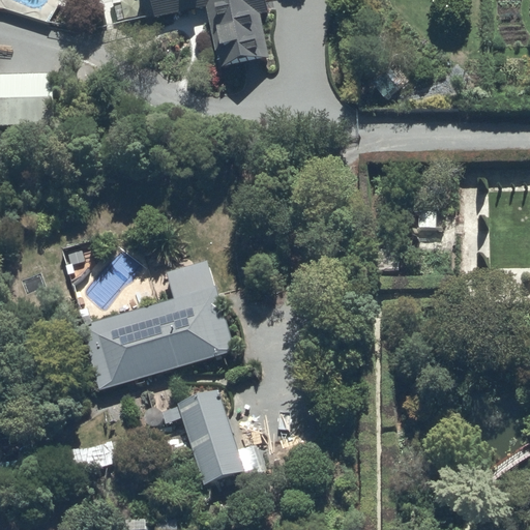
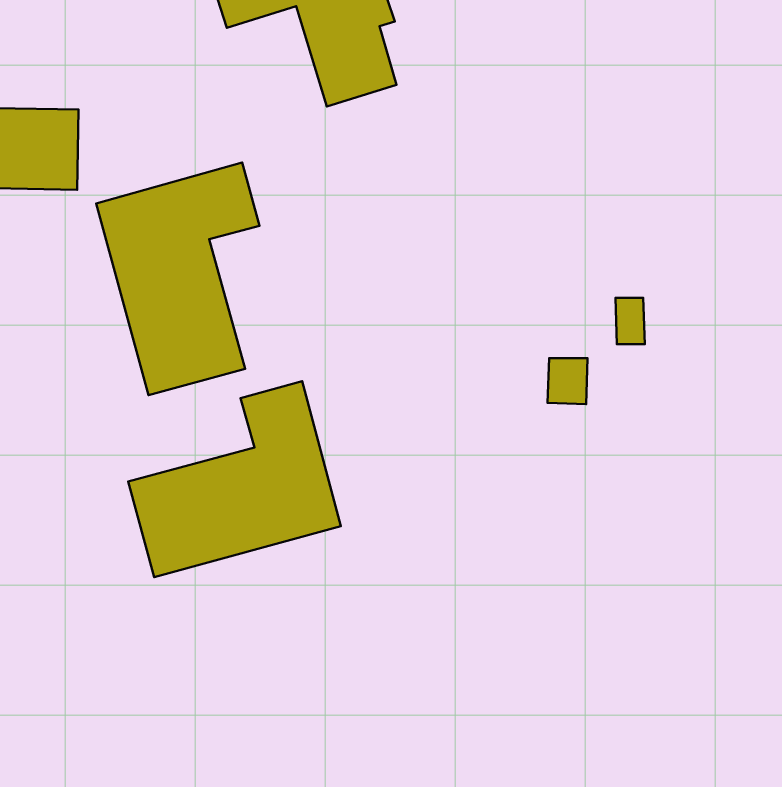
building: none -> [96,163,259,395]
building: [172,386,248,489] -> none

